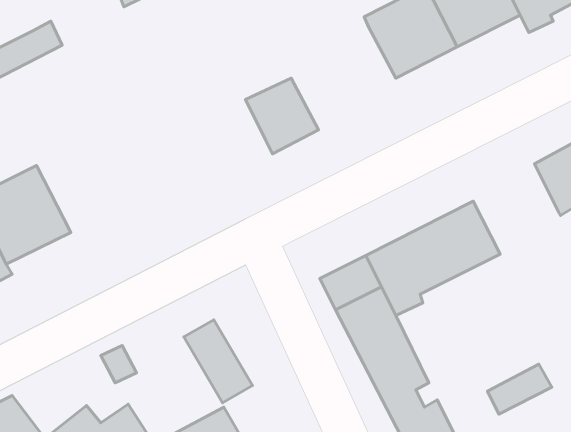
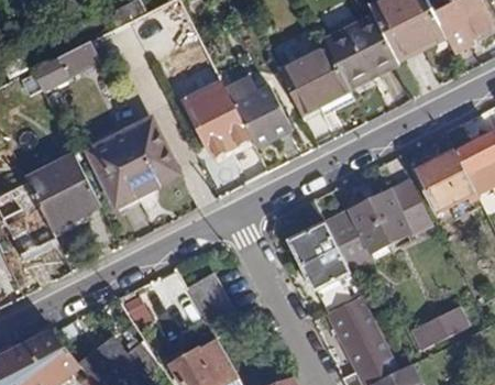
building: none -> [277,46,350,114]
building: none -> [193,94,253,156]
building: none -> [86,118,177,206]
building: none -> [418,152,474,208]

